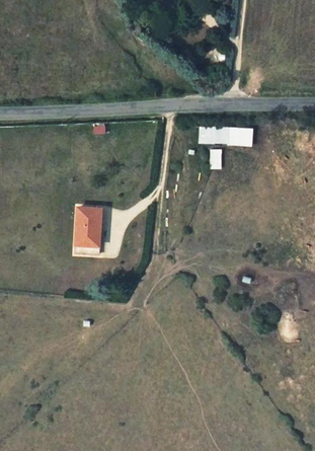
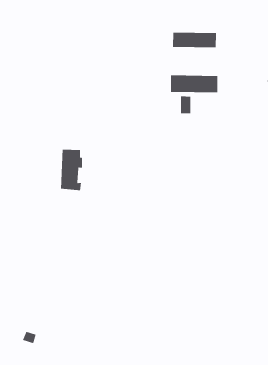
building: none -> [172,32,217,48]

